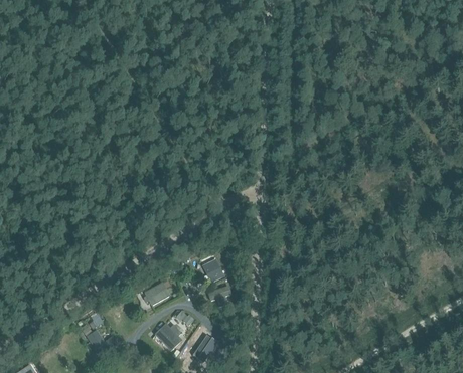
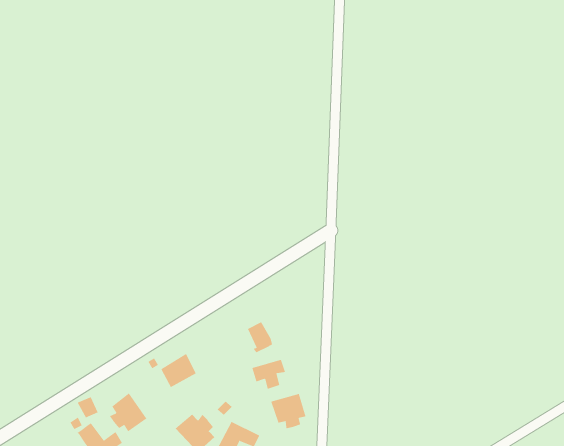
building: none -> [109,392,147,432]
building: none -> [271,393,306,429]

